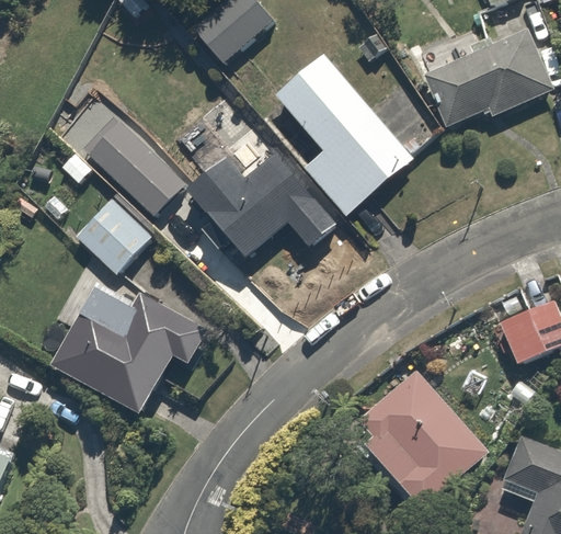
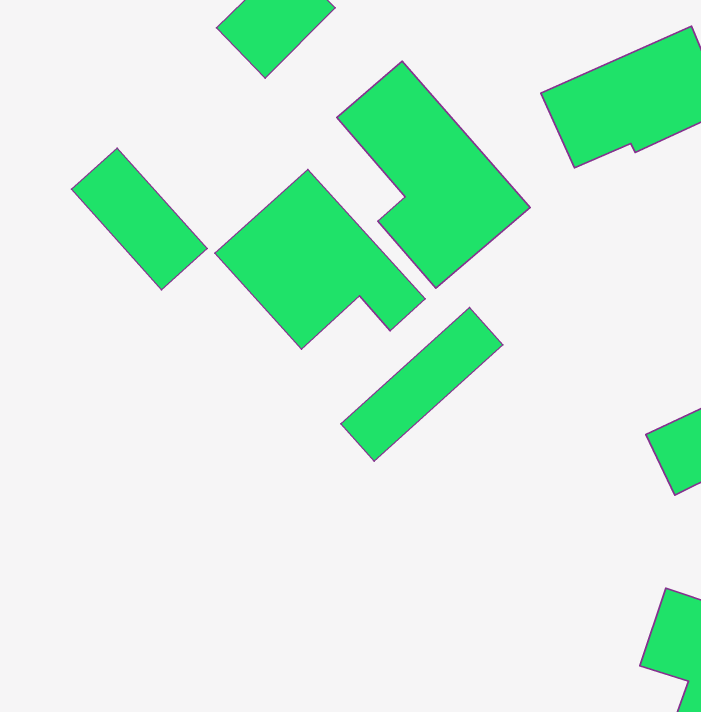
building: [70,194,150,274] -> none
building: none -> [341,308,503,461]
building: [55,279,208,412] -> none
building: [348,364,494,513] -> none

